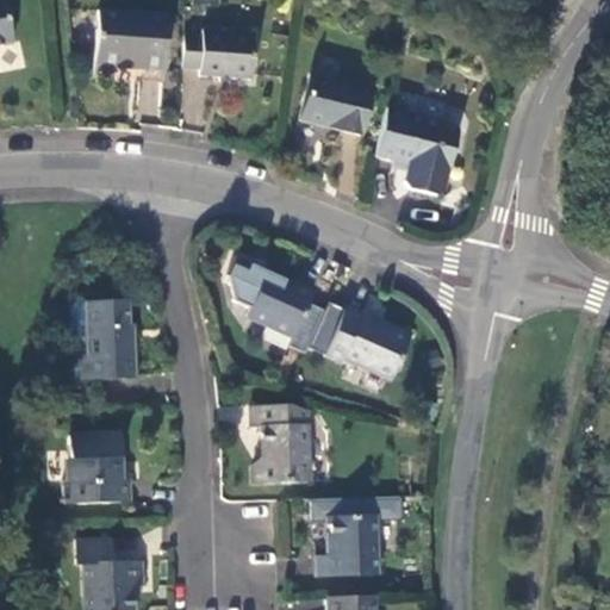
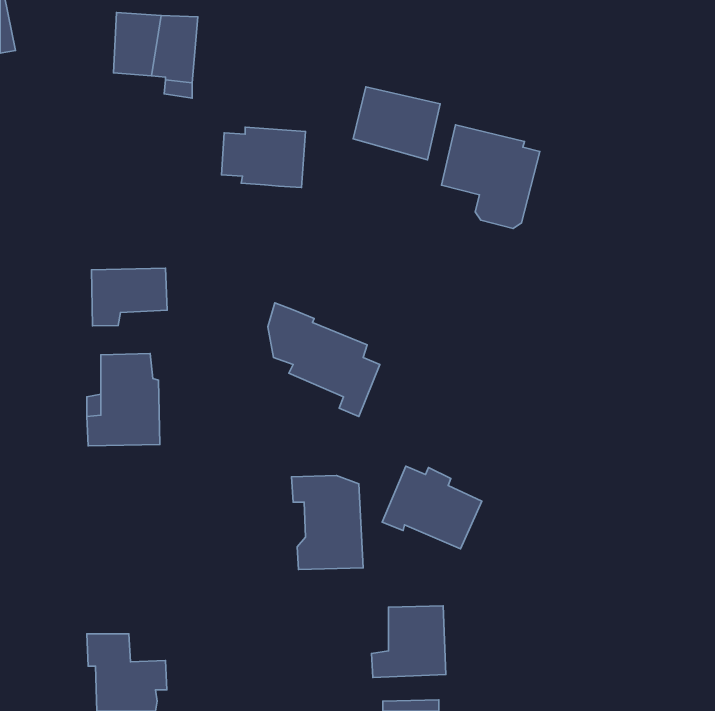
building: [185,29,256,80] -> [221,127,306,187]
building: none -> [91,268,167,326]
building: [326,307,411,378] -> [382,466,482,549]
building: [61,434,125,505] -> none

